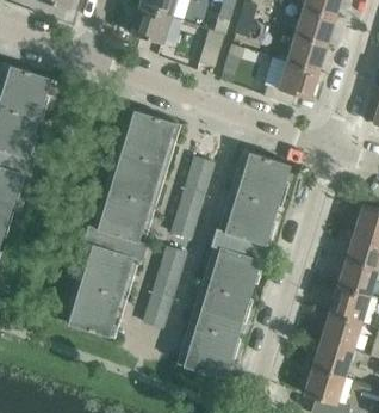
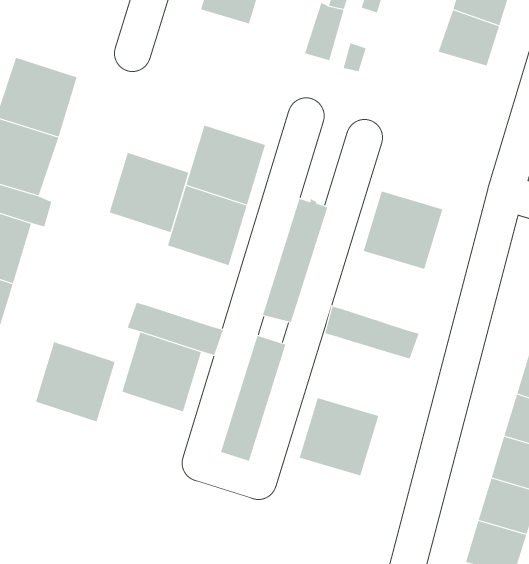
building: [278,62,318,99] -> none
building: [98,189,150,241] -> [109,152,189,233]
building: [225,192,278,244] -> none
building: [207,248,260,300] -> none
building: [68,284,120,337] -> [35,342,116,422]
building: [184,327,236,378] -> none

